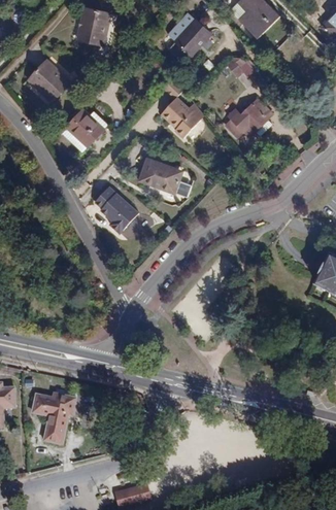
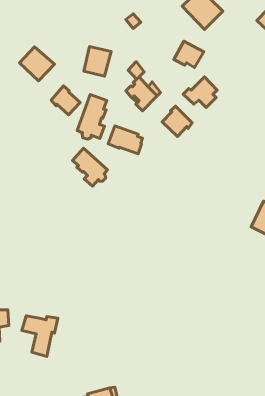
building: [77,7,111,44] -> [84,46,111,76]
building: [175,19,210,55] -> none
building: none -> [77,94,107,139]
building: none -> [162,106,192,137]

